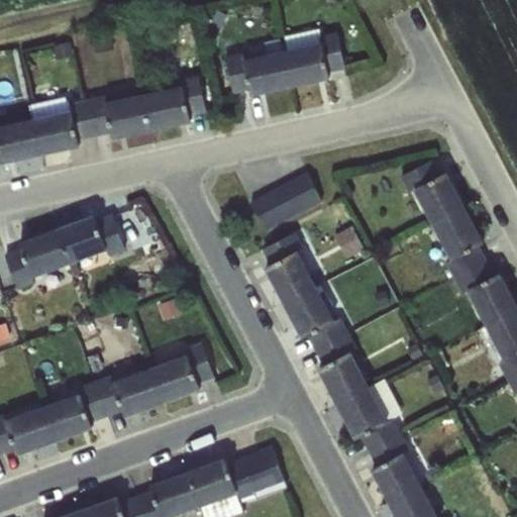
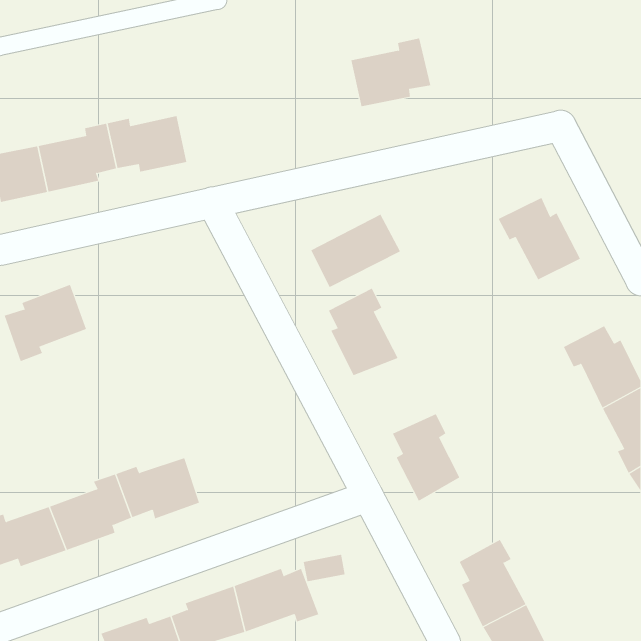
building: [225,49,290,96] -> none
building: [142,76,207,131] -> none
building: [432,209,486,280] -> none
building: [57,216,124,266] -> none
building: [284,289,350,349] -> none
building: [148,343,214,405] -> none
building: [336,385,402,452] -> none

